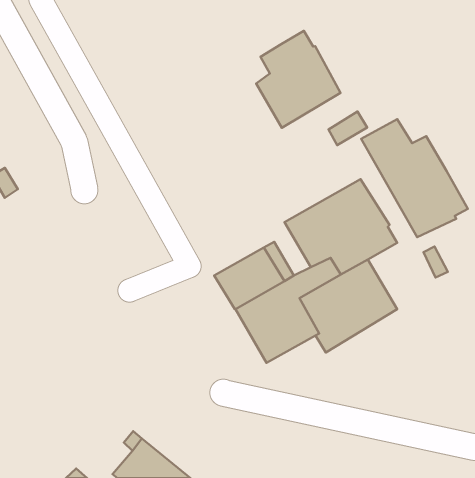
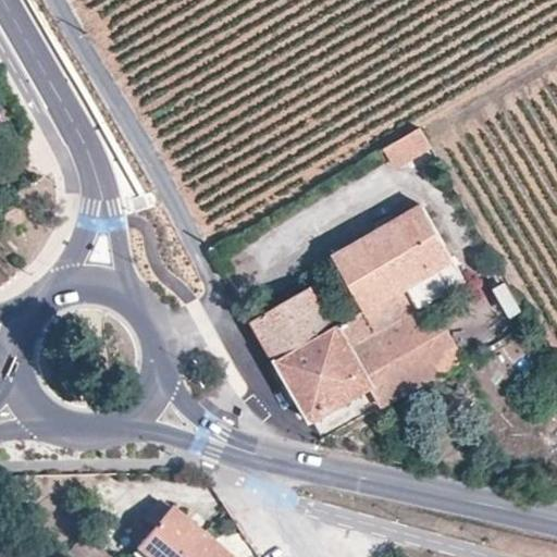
building: [256,31,341,128] -> none
building: [361,119,468,237] -> none

